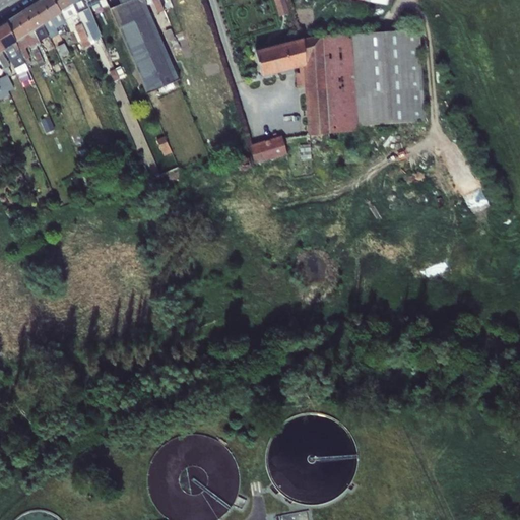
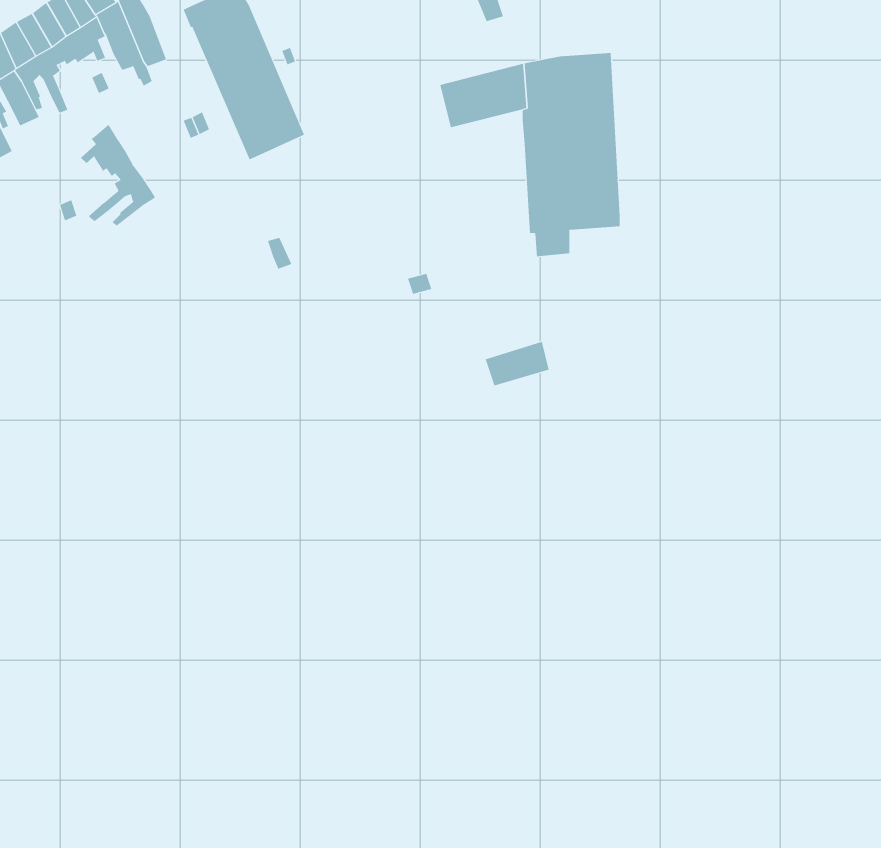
building: [352,28,426,124] -> none
building: none -> [80,124,156,226]
building: [250,136,286,161] -> [485,341,550,386]

